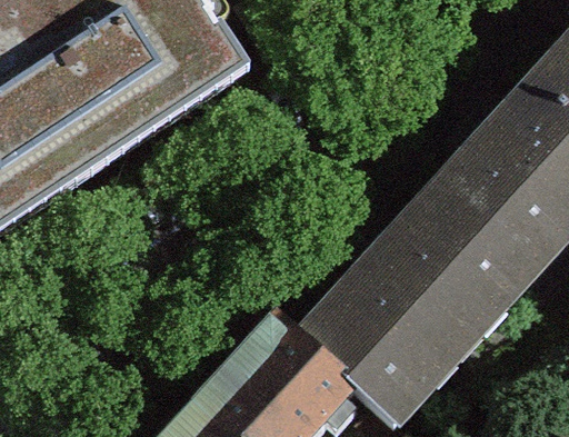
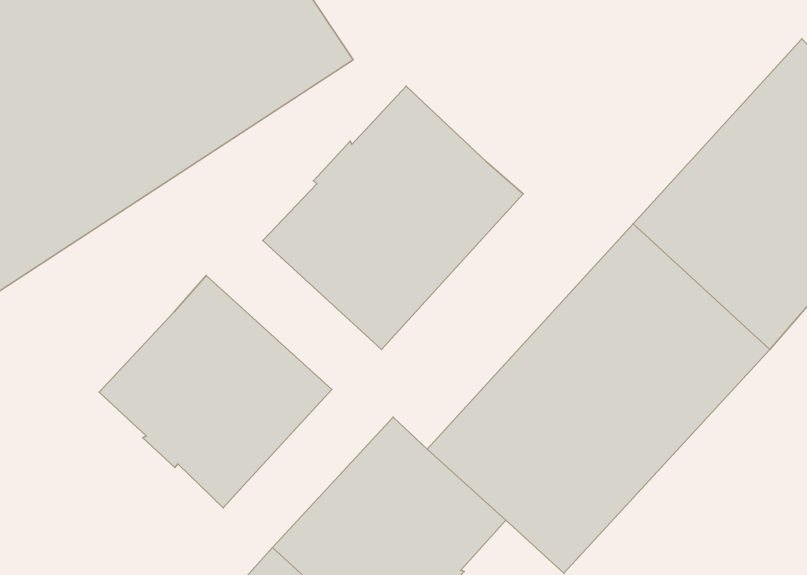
building: none -> [263,86,523,350]
building: none -> [99,276,332,508]

